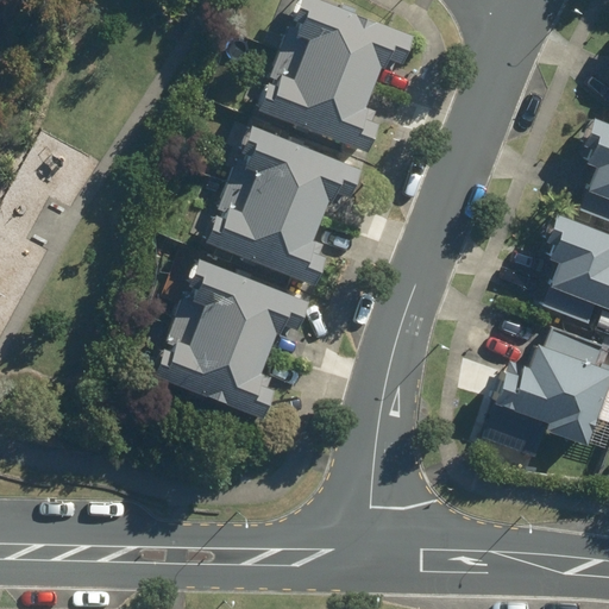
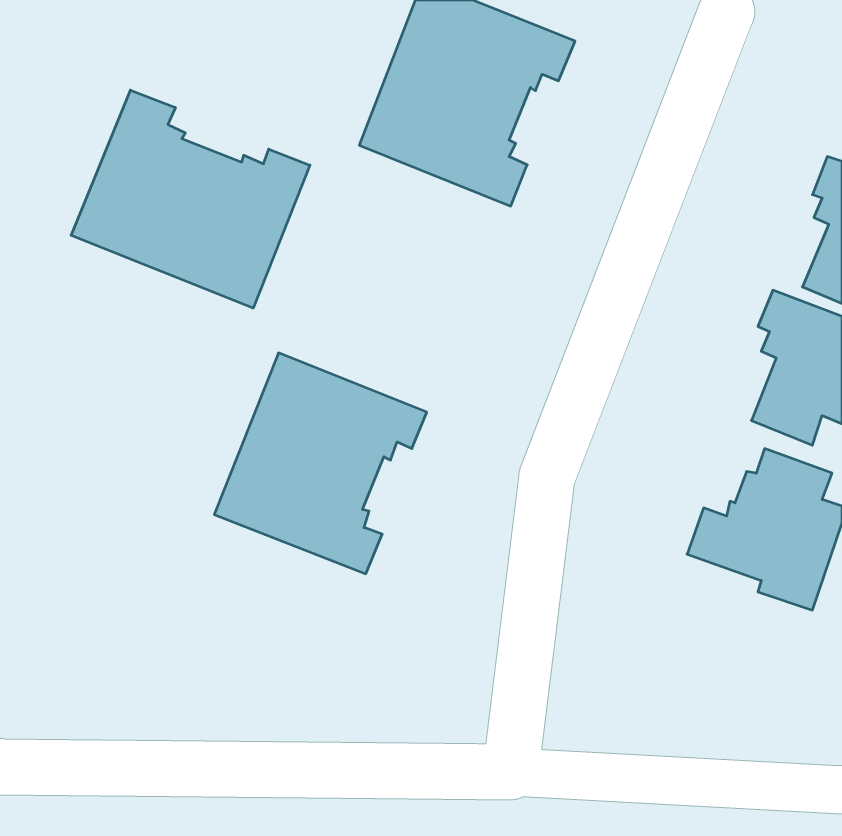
building: none -> [71,90,310,308]
building: [208,123,363,287] -> none

